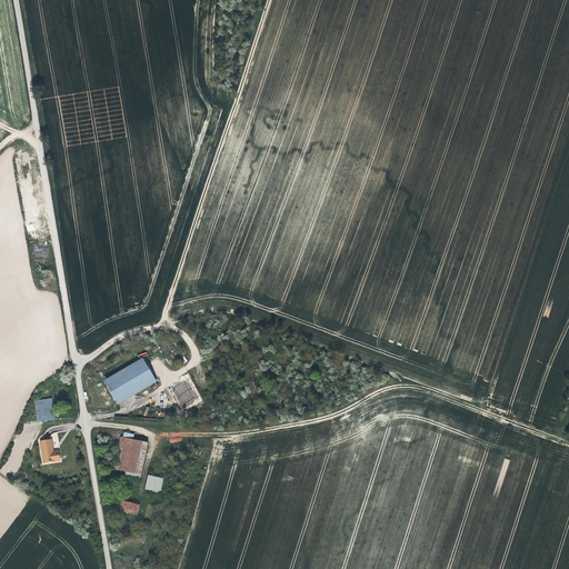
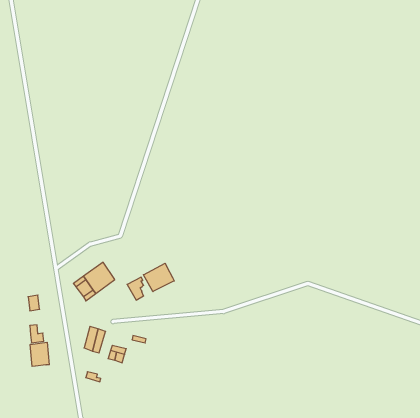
building: none -> [143,263,174,292]
building: none -> [30,342,49,366]

